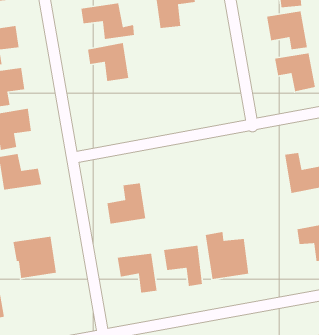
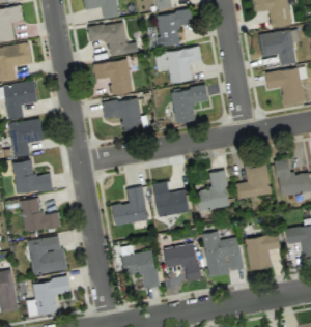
building: none -> [154,46,202,83]
building: none -> [171,85,208,122]
building: none -> [103,97,142,131]
building: none -> [236,160,272,199]
building: none -> [195,170,230,211]
building: none -> [153,181,189,216]
building: none -> [20,197,61,231]
building: none -> [246,234,280,269]
building: none -> [27,276,70,316]

